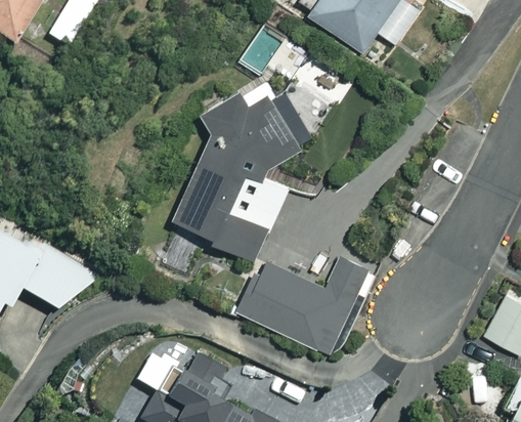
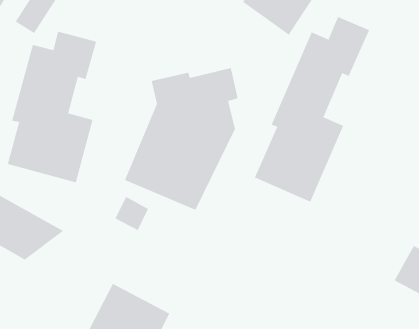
building: none -> [254,16,370,202]
building: none -> [7,31,97,183]
building: [241,255,366,351] -> none

